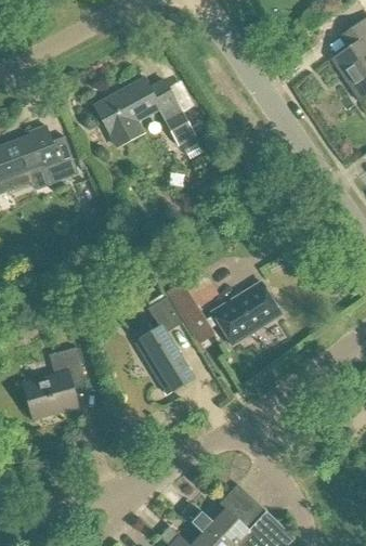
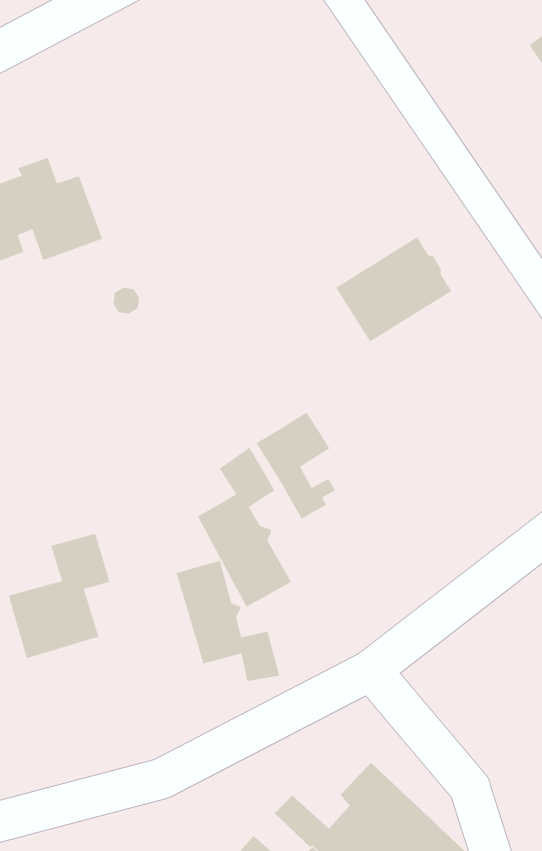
building: [93,79,197,150] -> none
building: [211,282,280,344] -> [335,236,452,342]
building: none -> [176,560,280,682]

